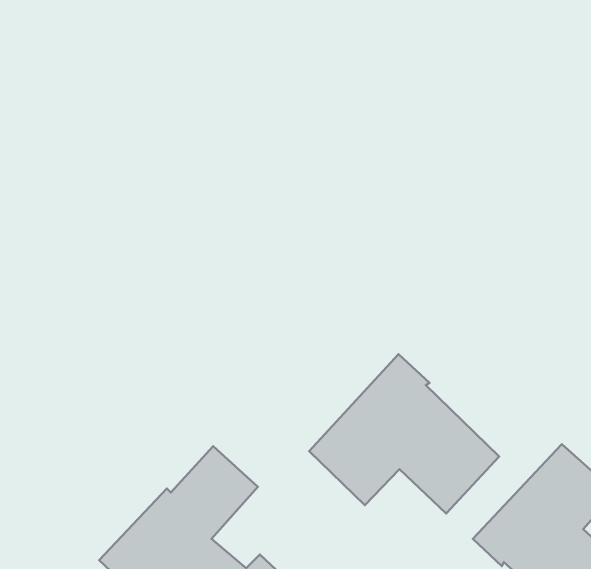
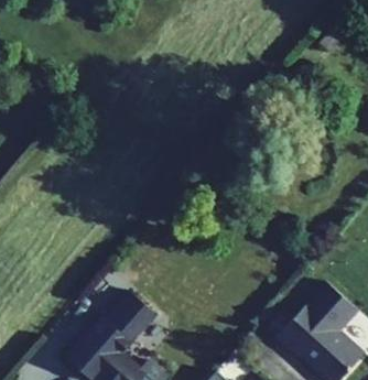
building: [309,354,499,513] -> none

